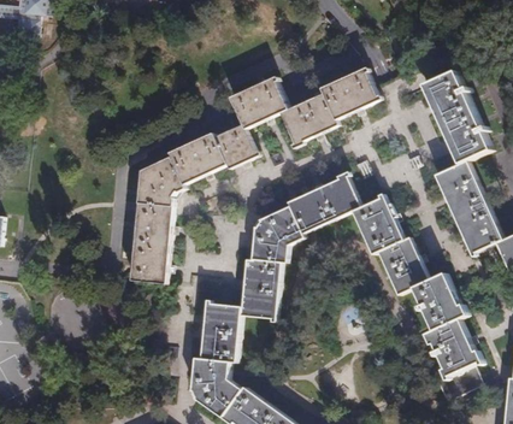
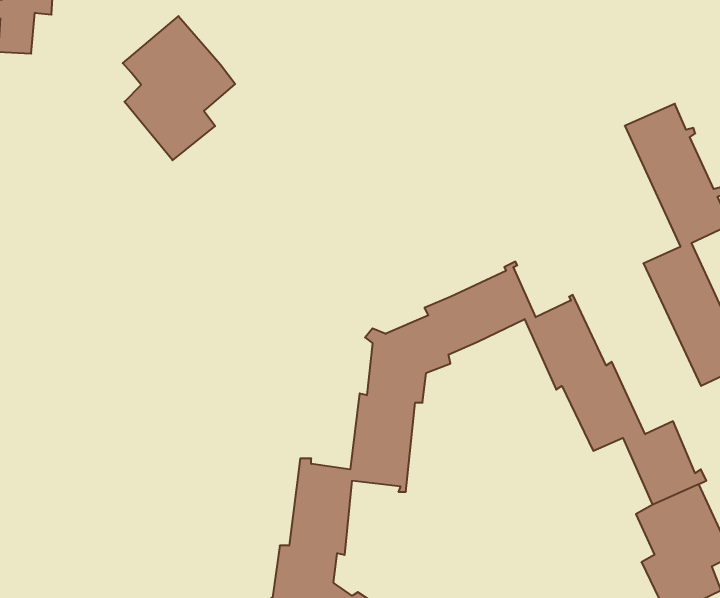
building: none -> [123,16,235,160]
building: [142,73,385,281] -> none

